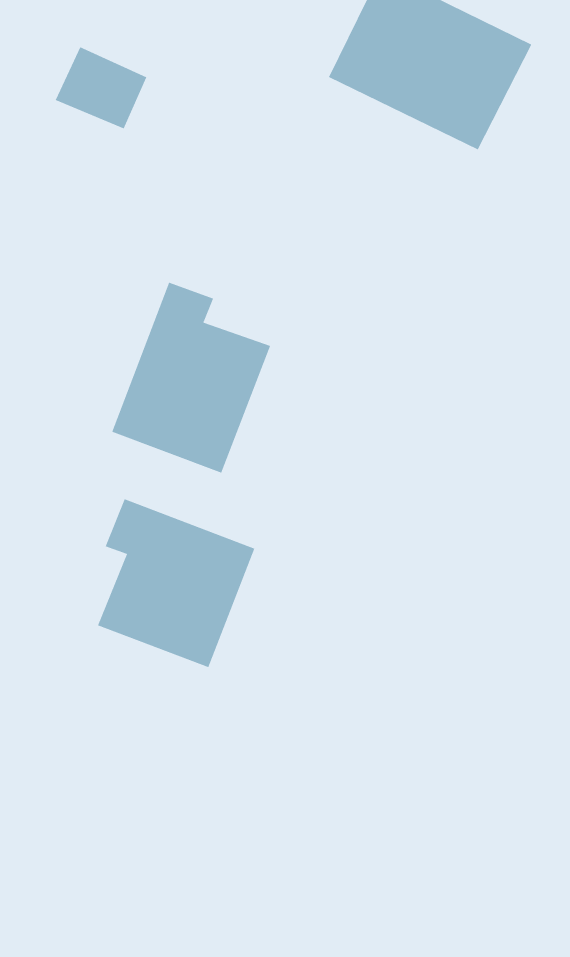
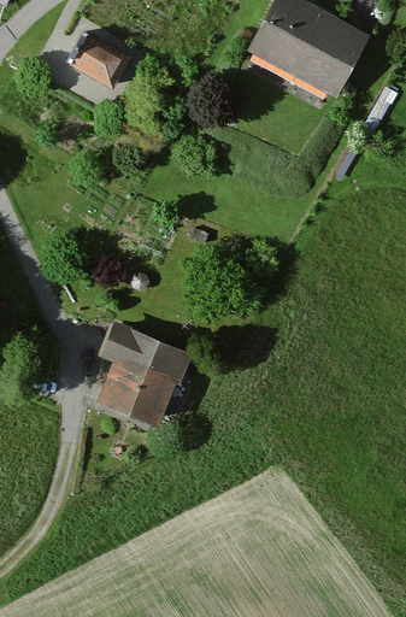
building: [111,282,271,473] -> none

